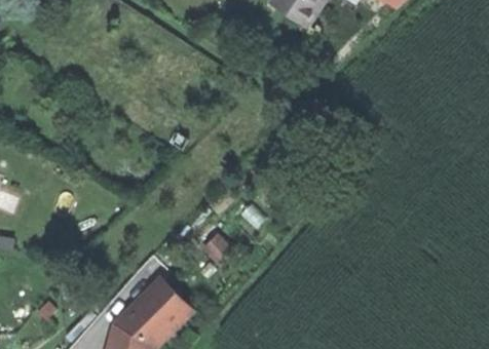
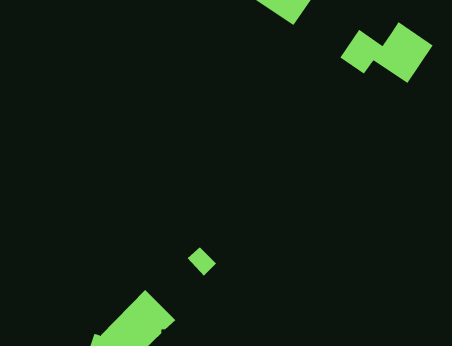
building: none -> [340,21,434,84]

